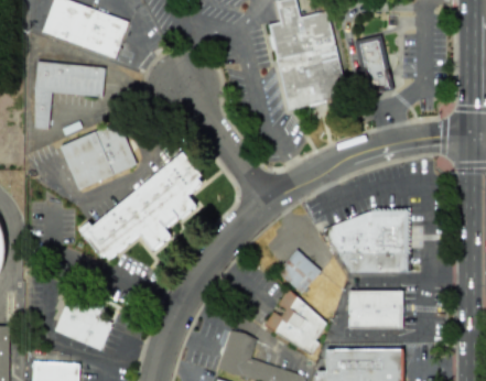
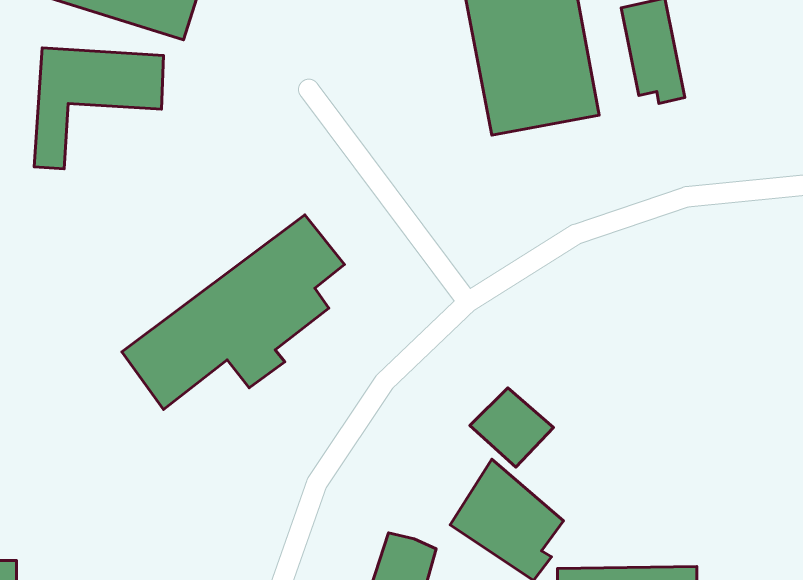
building: [60,123,137,189] -> none
building: [318,210,407,272] -> none
building: [346,291,401,329] -> none
building: [54,292,114,351] -> none

